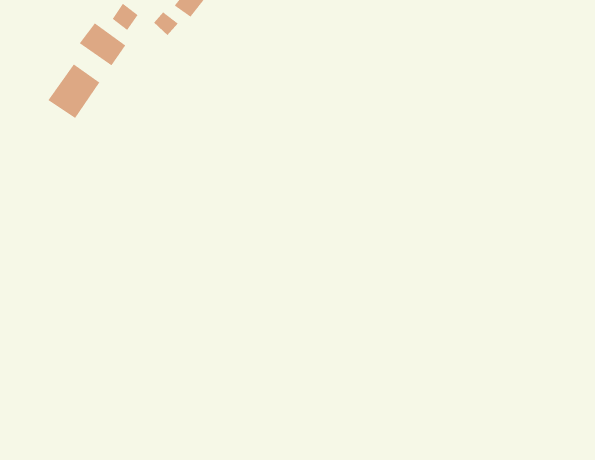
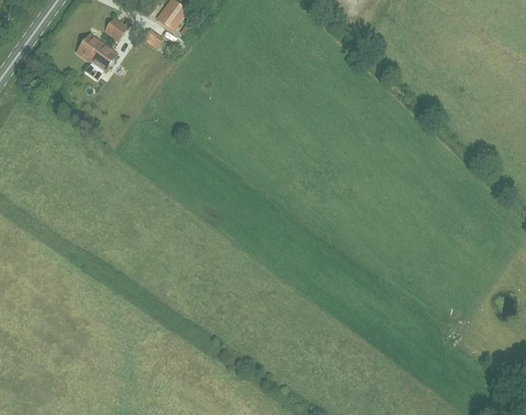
building: [48,64,100,119] -> none

